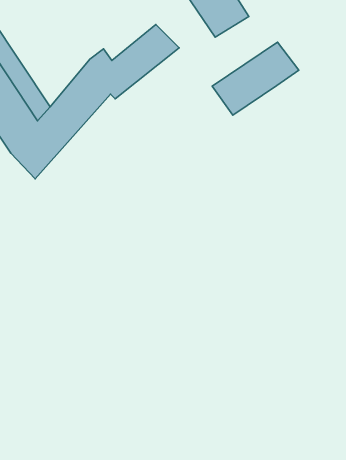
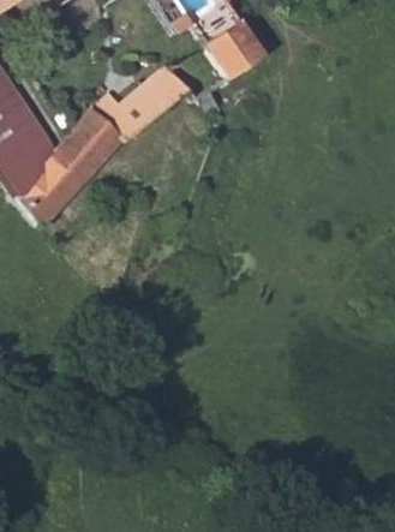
building: [212,42,299,115] -> none

